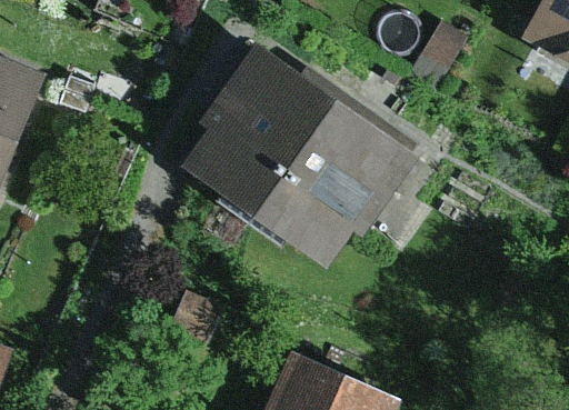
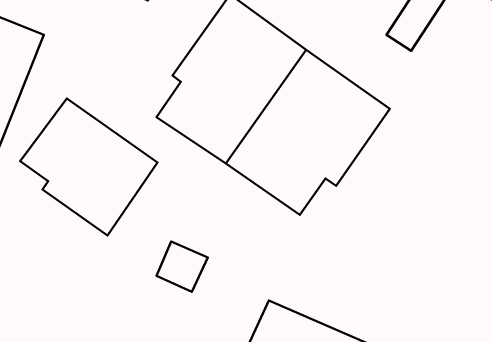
building: none -> [20,99,157,235]

